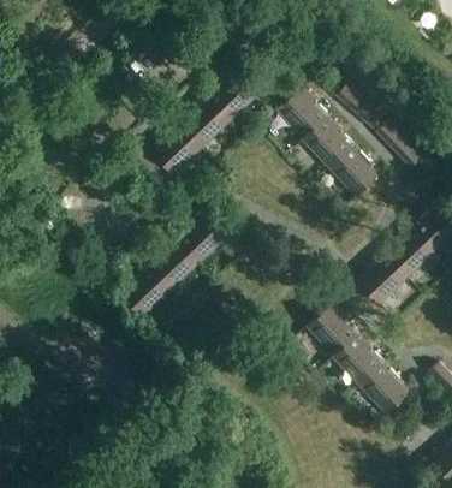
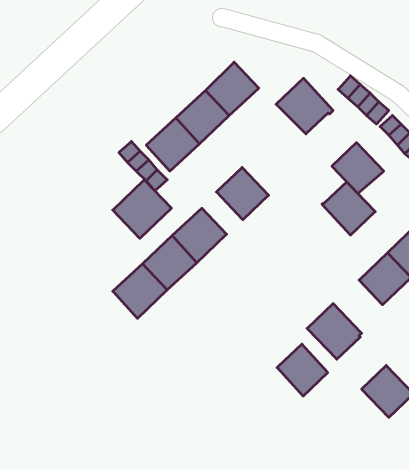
building: [304,119,356,171] -> [322,182,375,235]
building: none -> [216,167,269,220]
building: none -> [113,180,171,238]
building: [335,337,385,387] -> [277,344,328,396]

